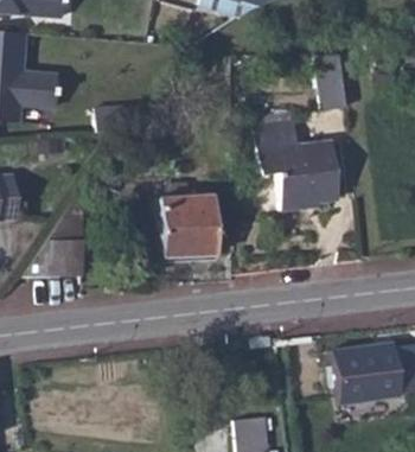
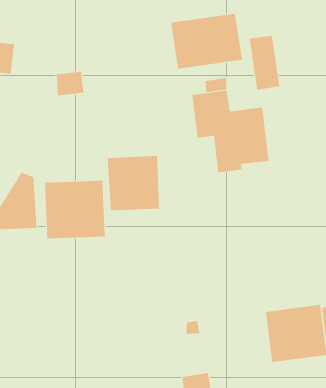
building: none -> [171,13,243,70]
building: none -> [44,180,106,239]

